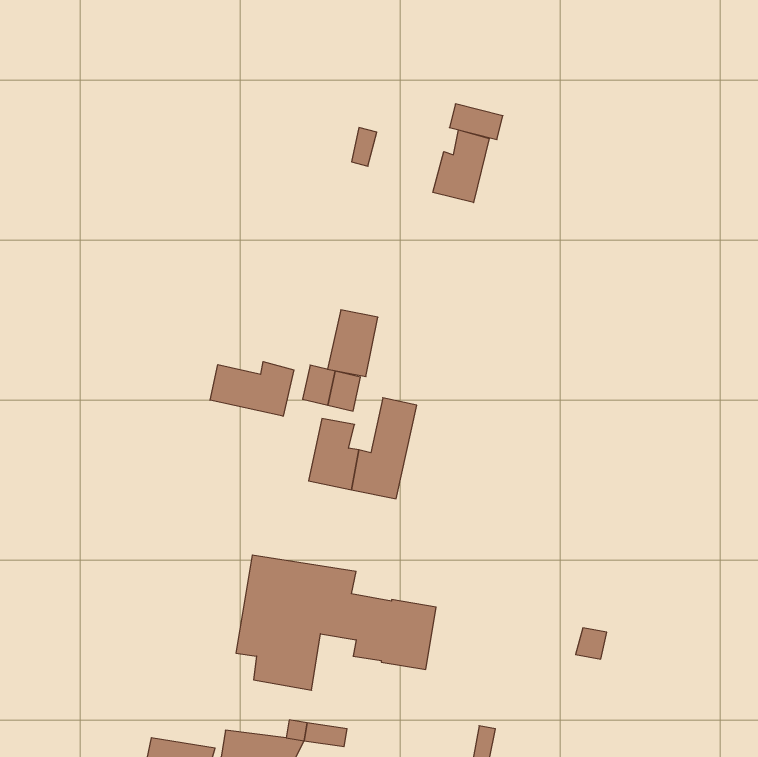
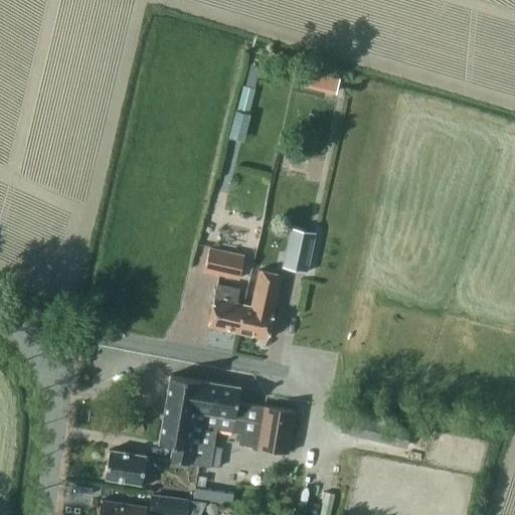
building: [433,130,489,203] -> none
building: [327,310,378,377] -> [282,228,316,274]
building: [210,362,294,416] -> none
building: none -> [106,451,154,486]

